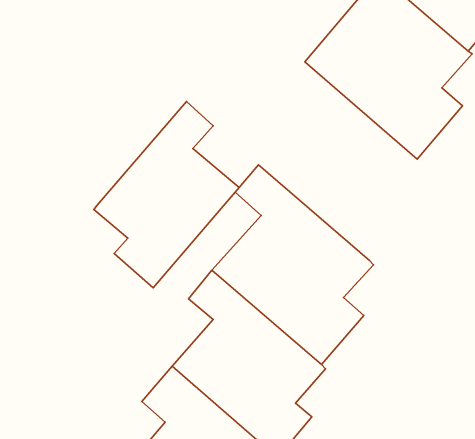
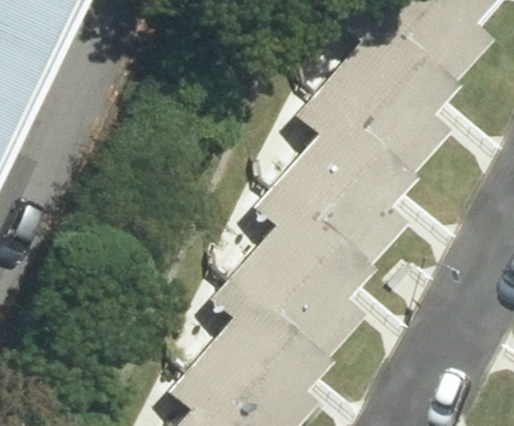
building: none -> [273,93,414,267]
building: [94,101,239,288] -> none

